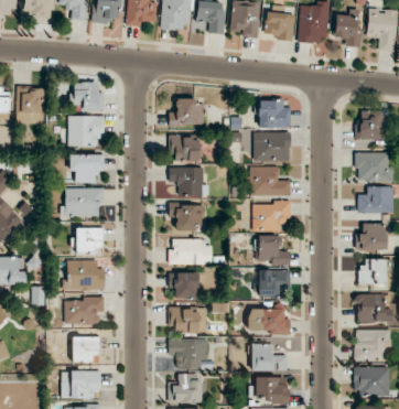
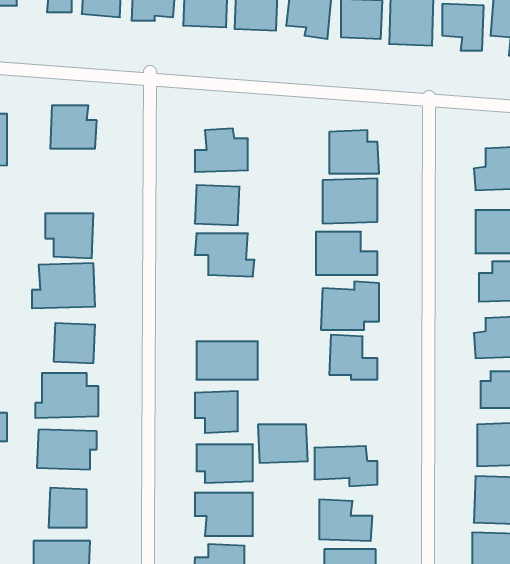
building: [68,116,104,147] -> none
building: [169,204,203,230] -> none
building: [258,270,291,295] -> [258,425,308,463]

